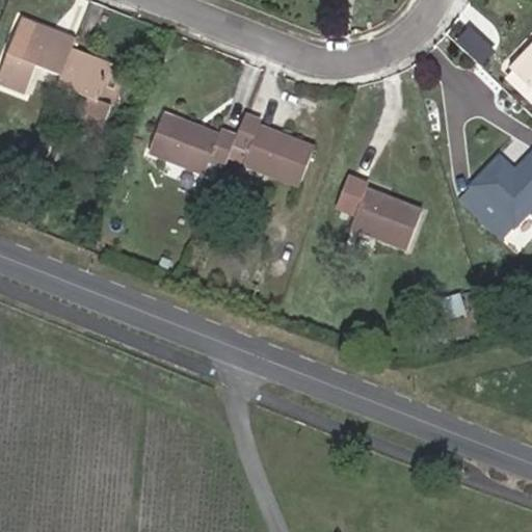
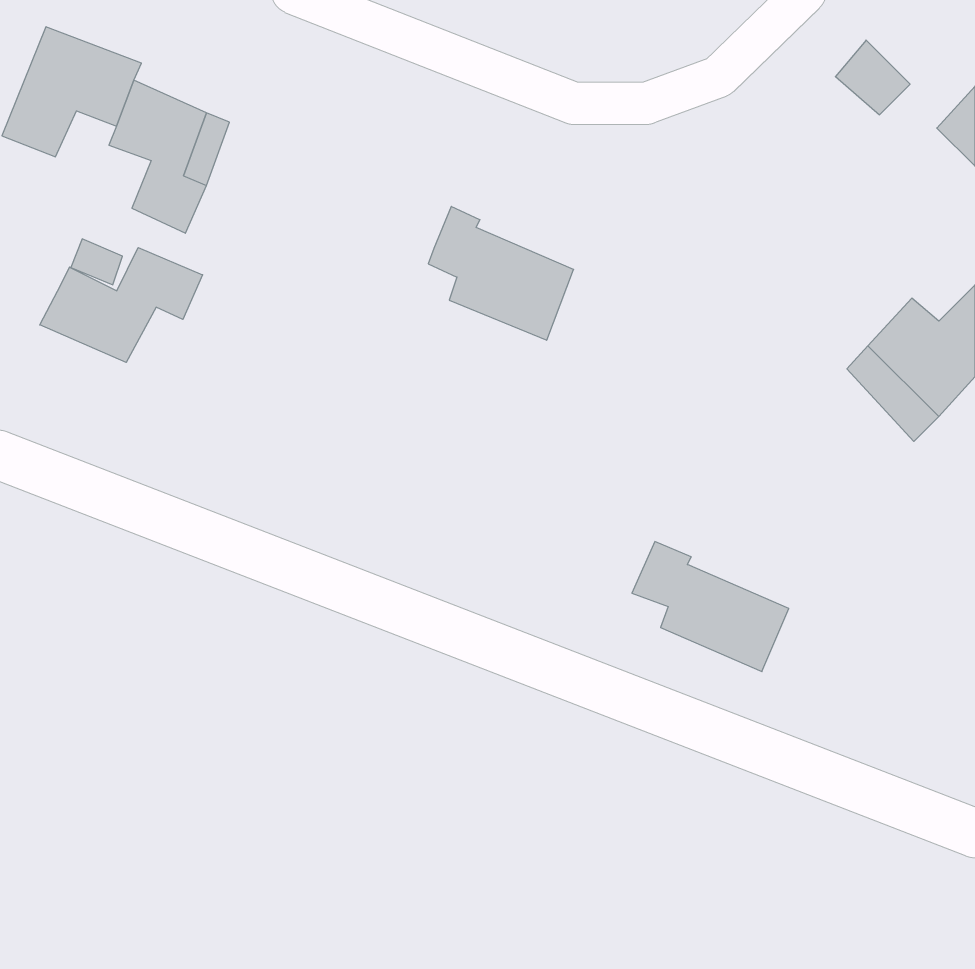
building: [151,113,236,170] -> none
building: none -> [40,248,203,362]
building: [334,178,419,248] -> [632,542,789,672]

